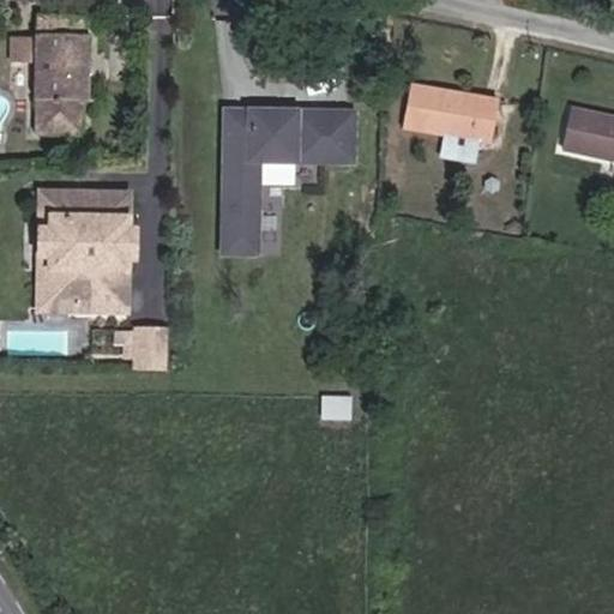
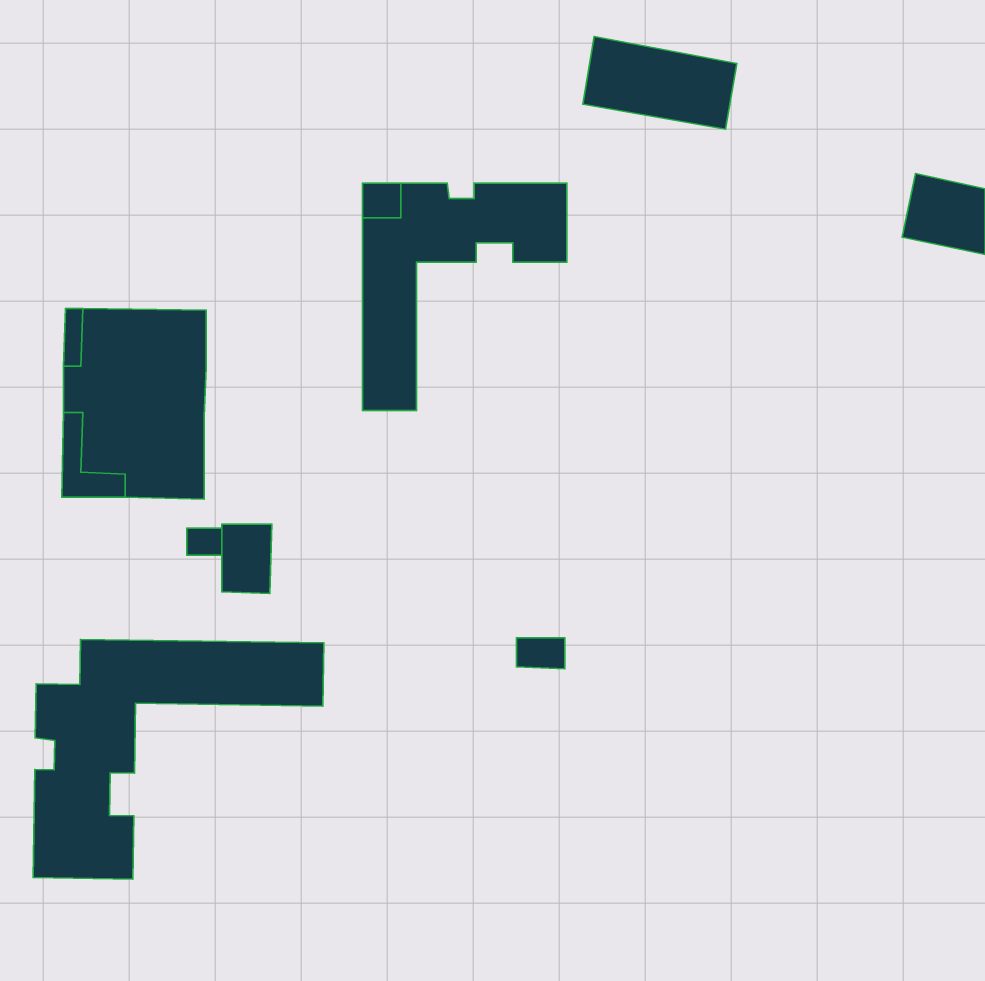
building: [35,14,89,134] -> none
building: [403,84,499,142] -> [583,37,737,129]
building: none -> [33,639,324,879]

